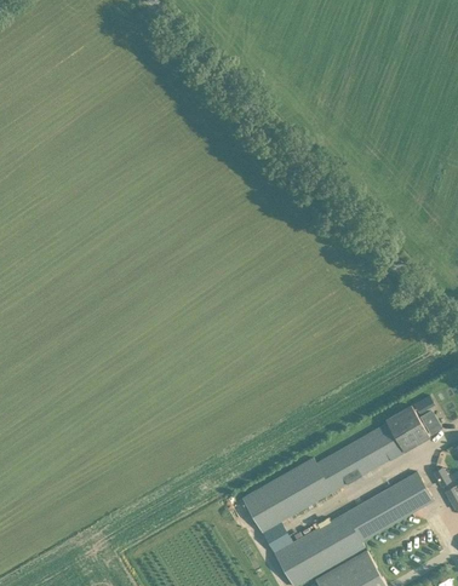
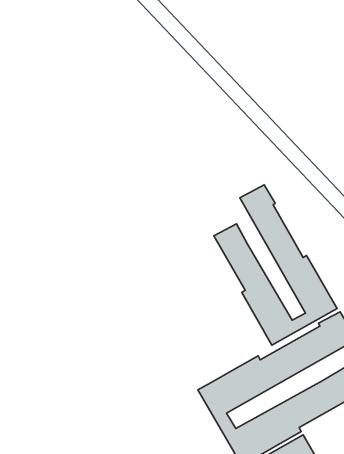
building: none -> [214,185,337,345]

